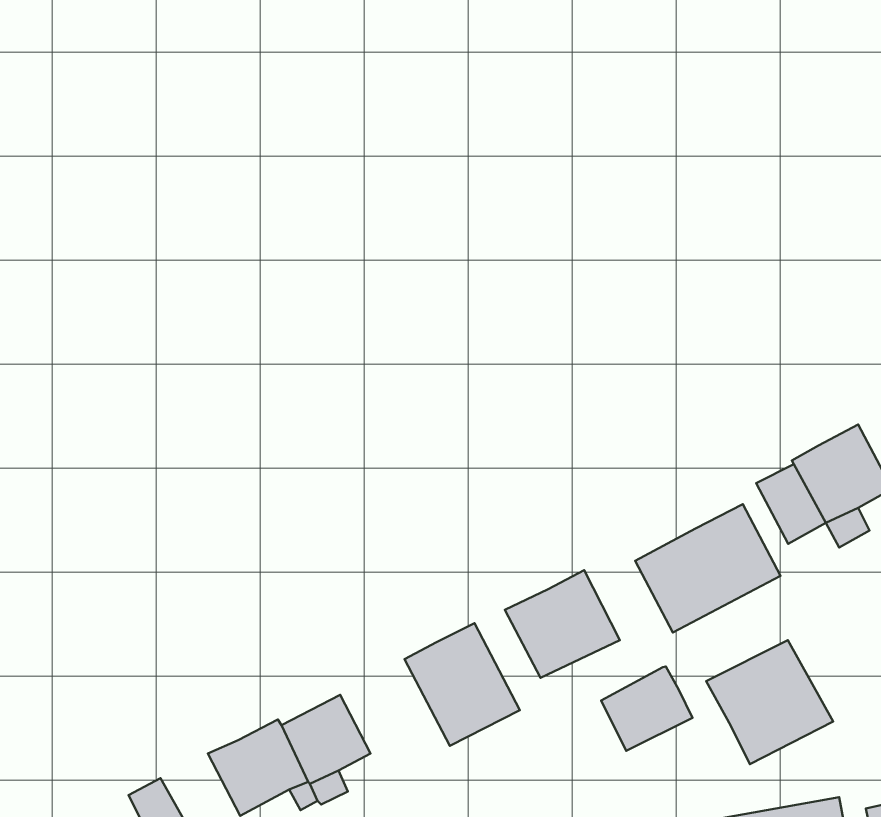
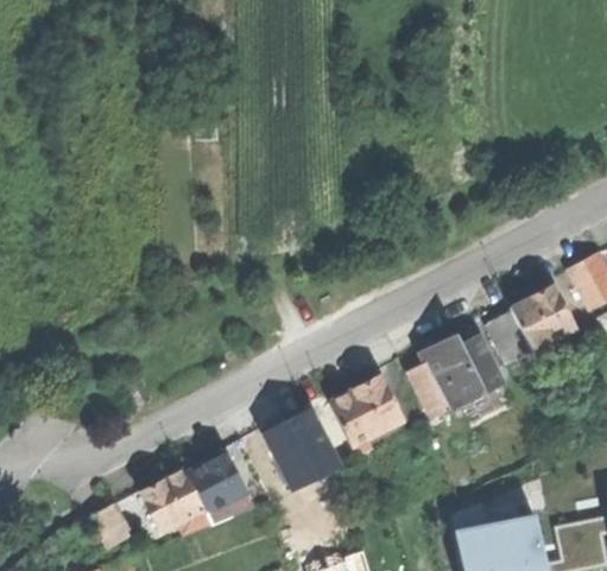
building: [706,640,833,764] -> none
building: [601,667,692,751] -> none

